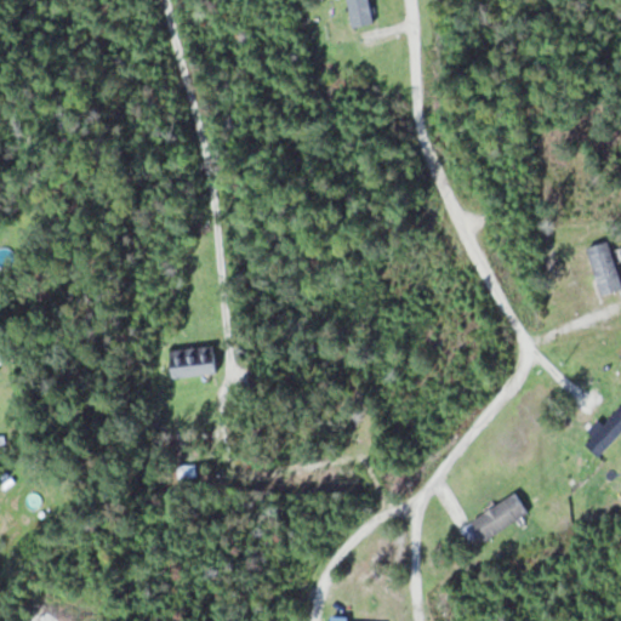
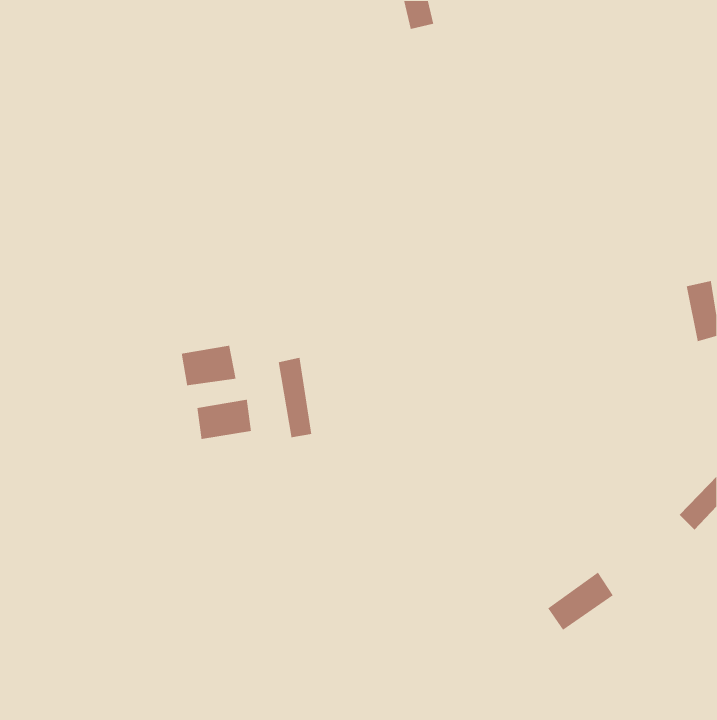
building: none -> [181,345,236,386]
building: none -> [278,357,312,438]

